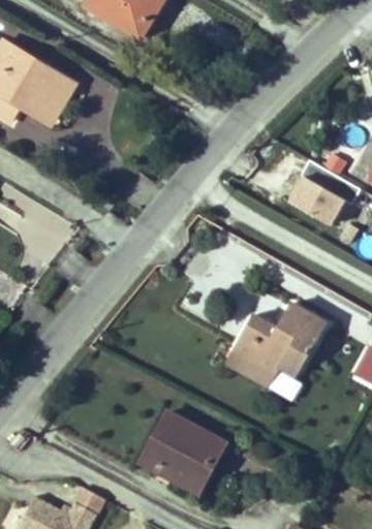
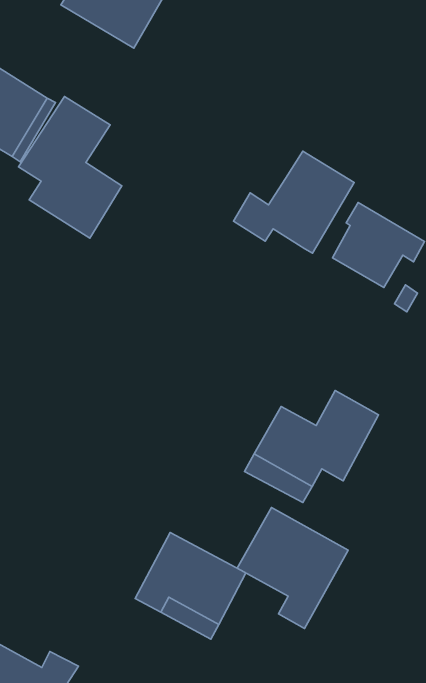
building: none -> [18,97,122,238]
building: none -> [233,151,354,253]
building: none -> [237,508,348,628]

